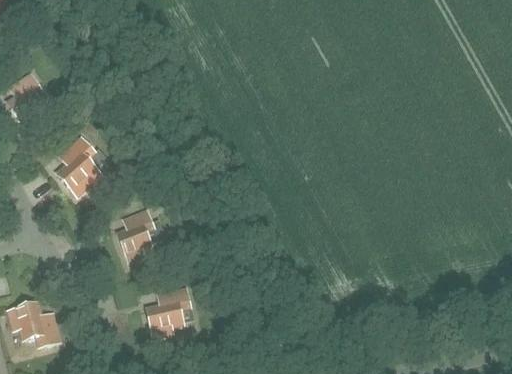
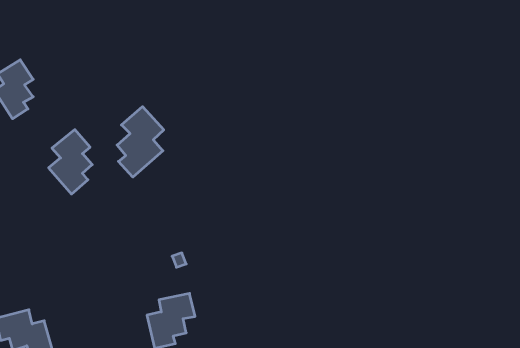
building: none -> [117,107,164,177]
building: [117,209,154,261] -> none

